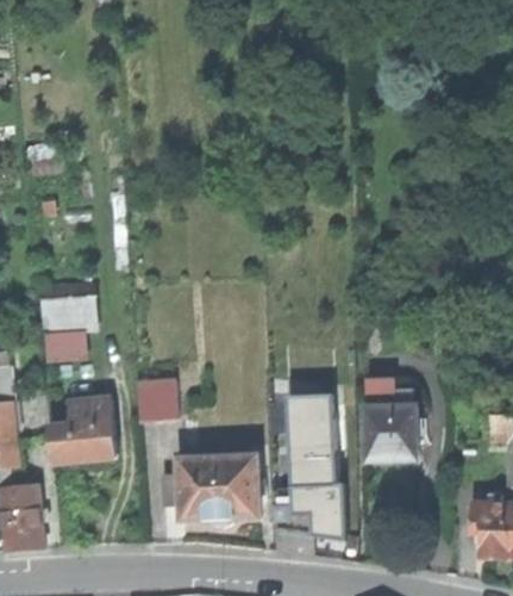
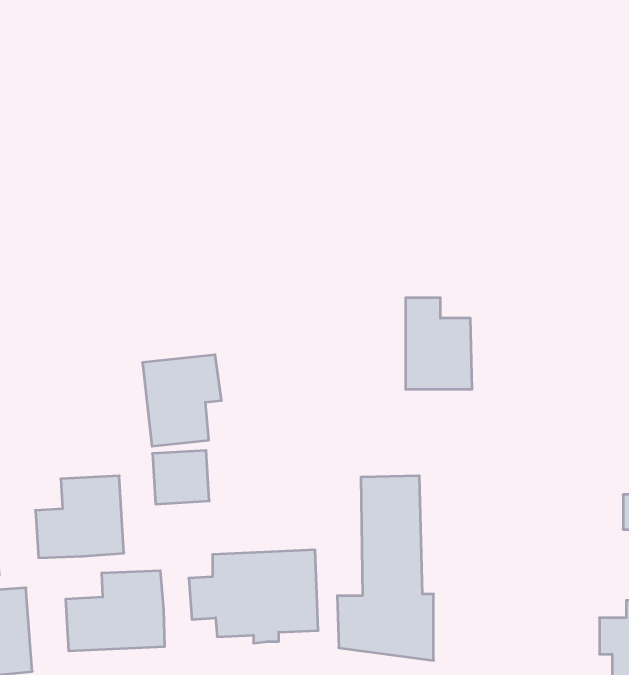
building: [38,291,98,360] -> [142,355,221,446]
building: [365,390,415,459] -> [406,298,472,389]
building: none -> [66,571,164,651]

